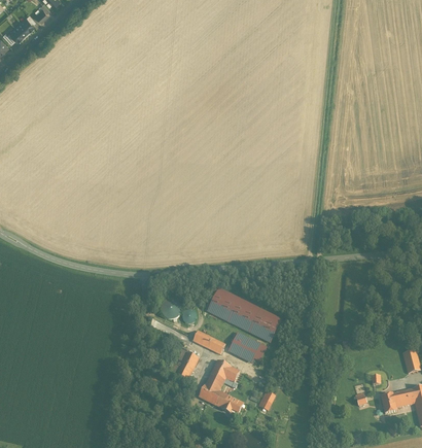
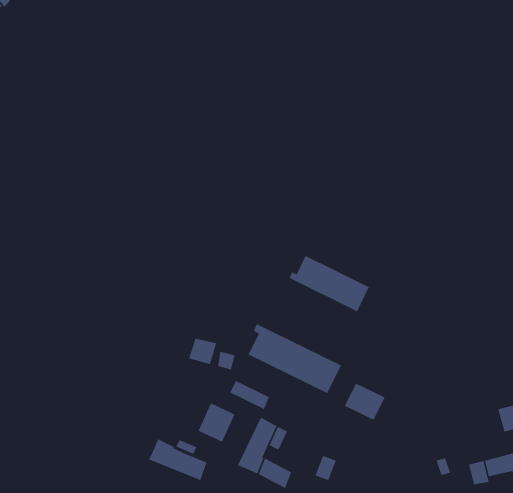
building: none -> [288,255,370,312]
building: [228,334,261,364] -> [344,383,386,421]
building: none -> [148,438,207,481]

